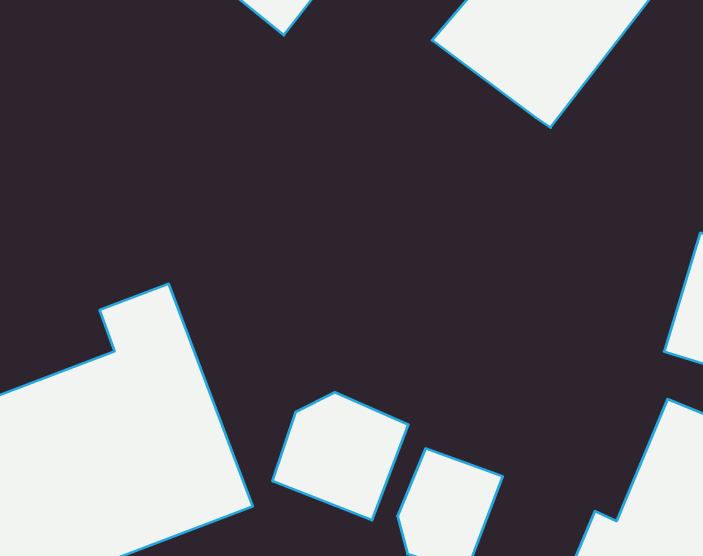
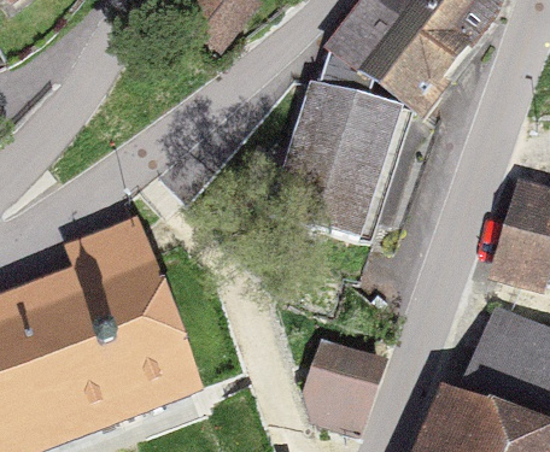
building: none -> [273,47,404,242]
building: [273,392,408,520] -> none

